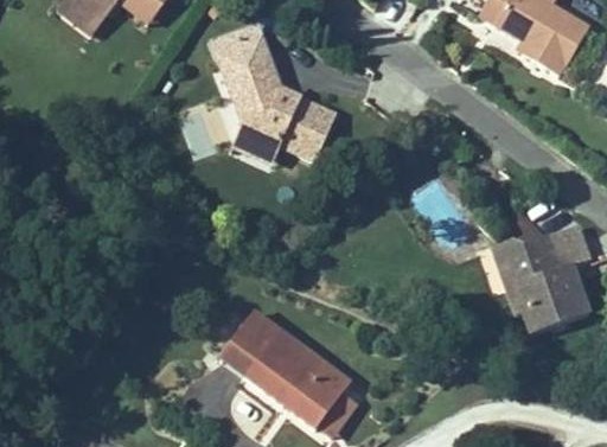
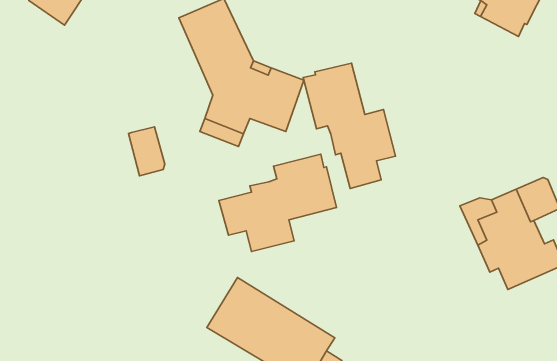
building: none -> [303,63,395,189]
building: none -> [129,127,165,176]
building: none -> [219,154,336,252]

